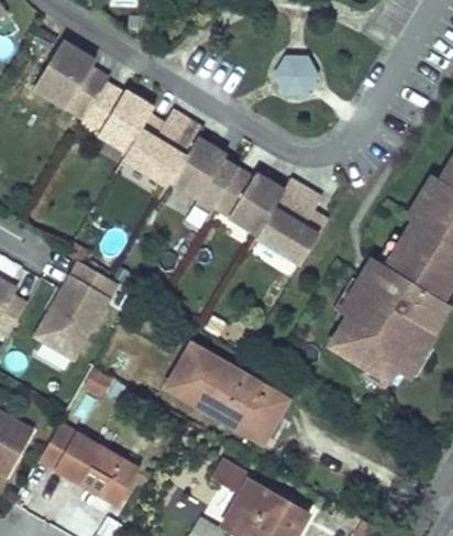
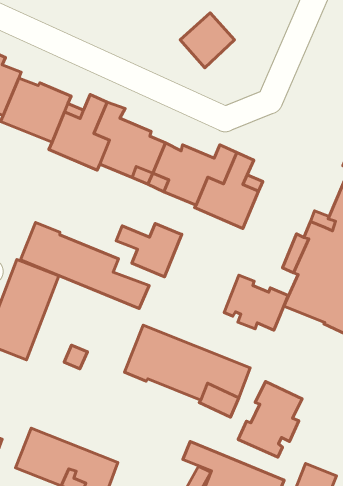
building: none -> [20,223,149,309]
building: none -> [116,223,182,277]
building: none -> [224,275,288,330]
building: none -> [238,381,302,457]

